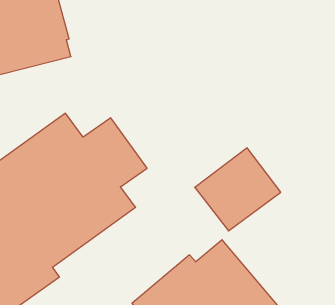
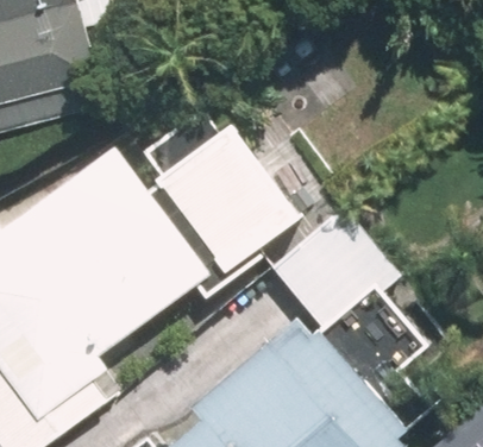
building: none -> [167,105,327,258]

